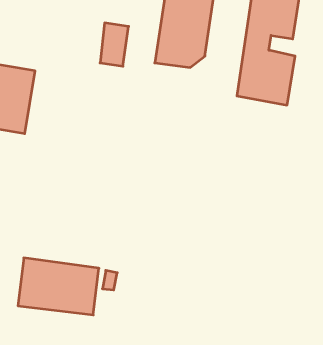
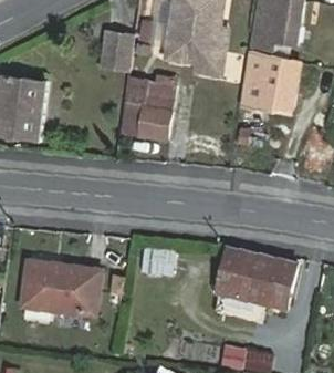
building: none -> [135,82,170,138]
building: none -> [220,248,296,308]

